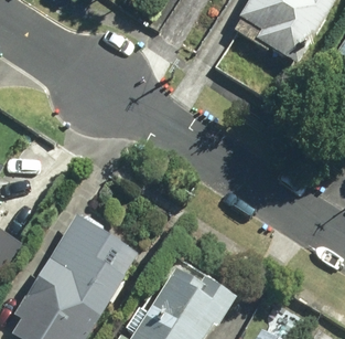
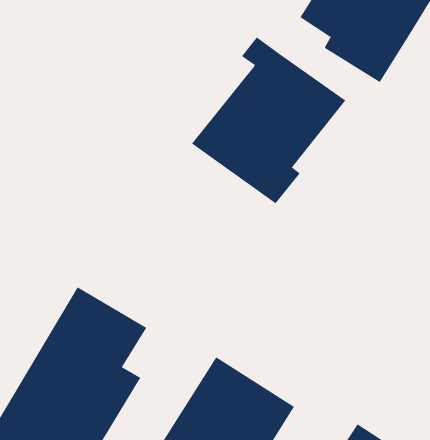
building: none -> [191,36,346,204]

